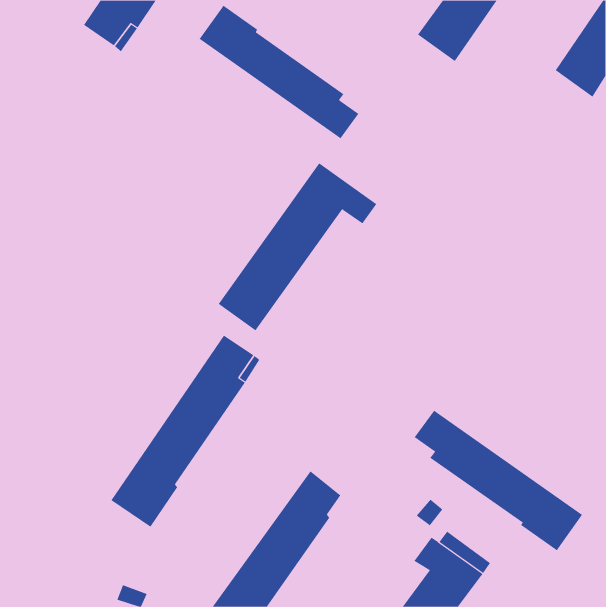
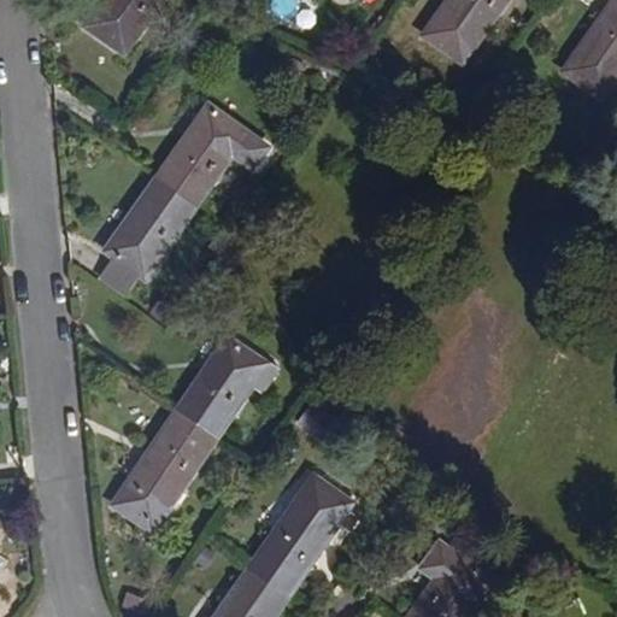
building: [199,5,359,139] -> none
building: [218,163,377,331] -> [104,107,265,278]
building: [414,410,583,551] -> none

